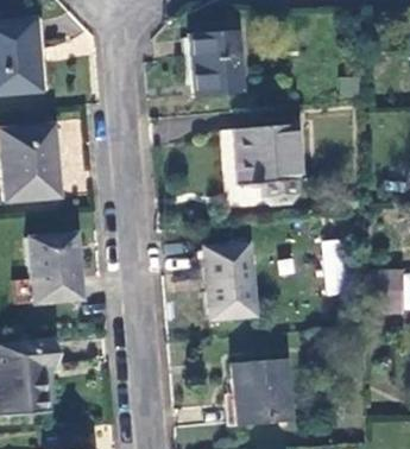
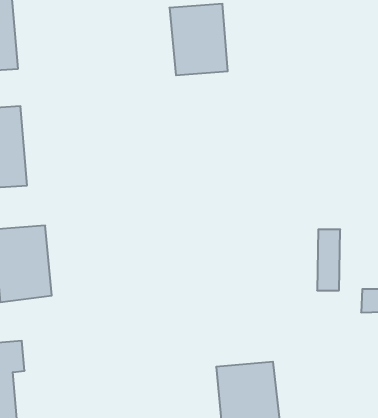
building: [222,125,304,207] -> none
building: [206,245,254,321] -> none

